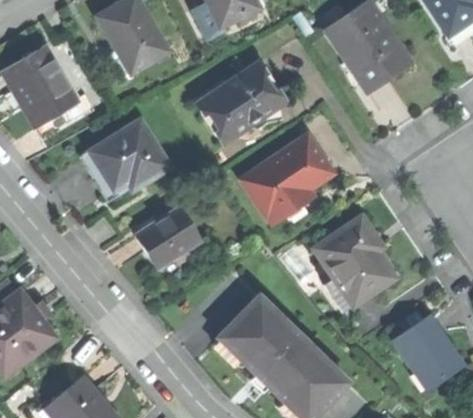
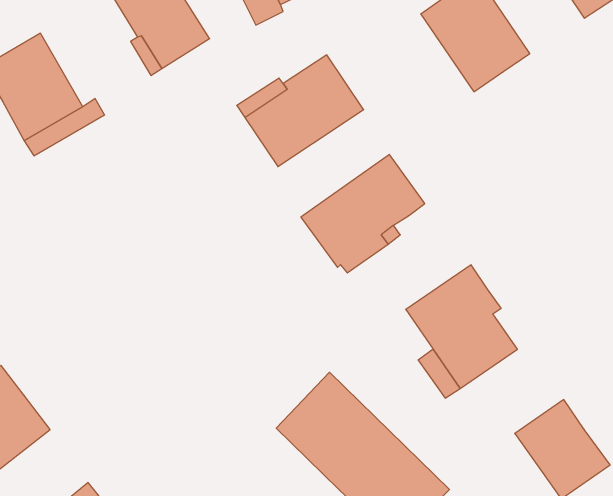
building: [87,120,169,193] -> none
building: [134,207,200,269] -> none

